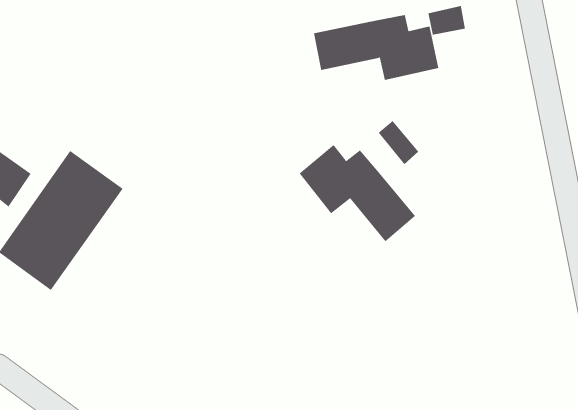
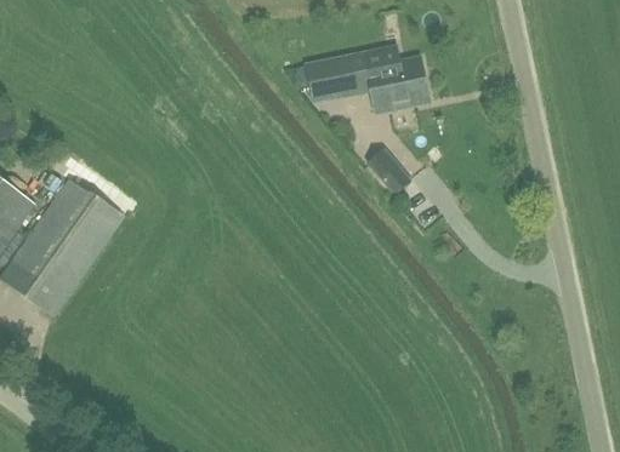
building: [428,5,465,36] -> none
building: [299,144,416,242] -> none

